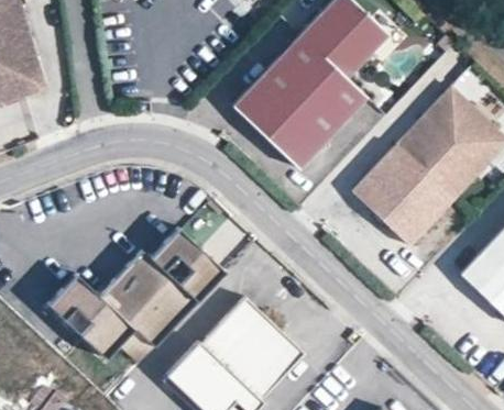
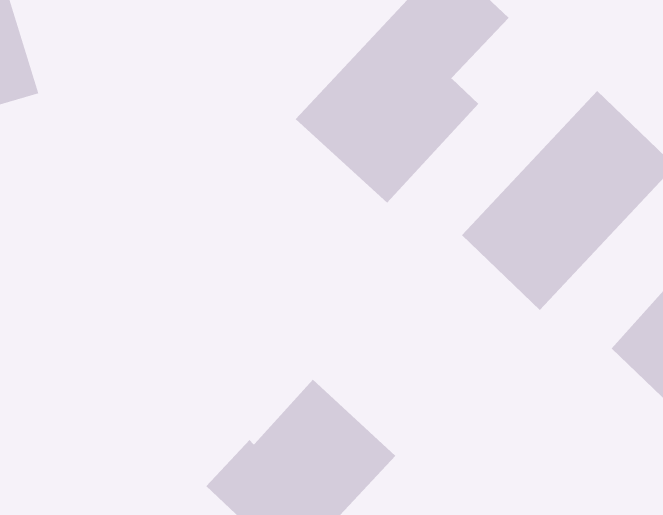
building: [47,228,224,358] -> none

